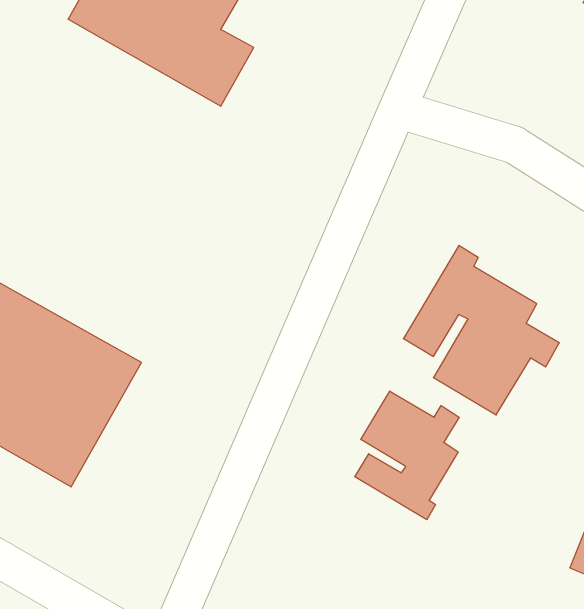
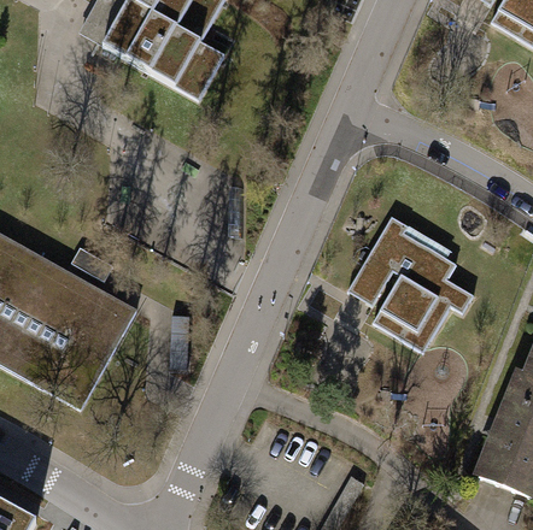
building: [355,391,459,520] -> none

